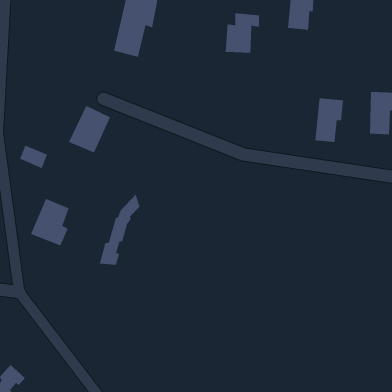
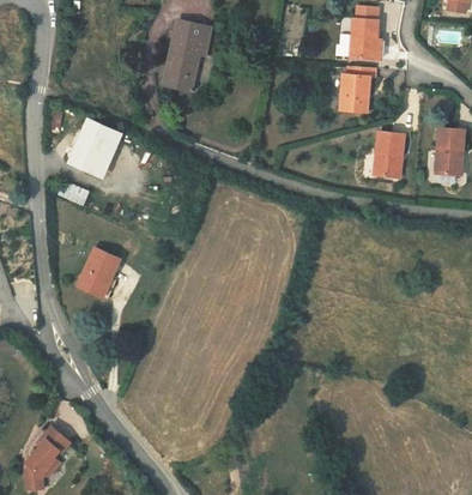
building: [225,13,260,53] -> [338,65,376,109]
building: [68,105,111,153] -> [69,126,116,179]
building: [99,194,140,266] -> none

